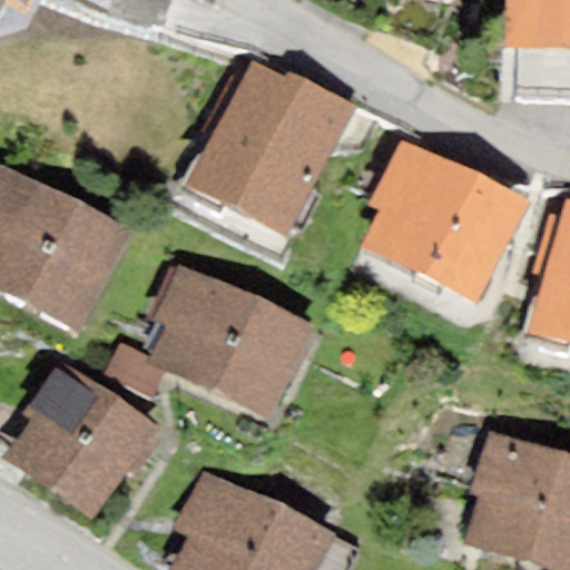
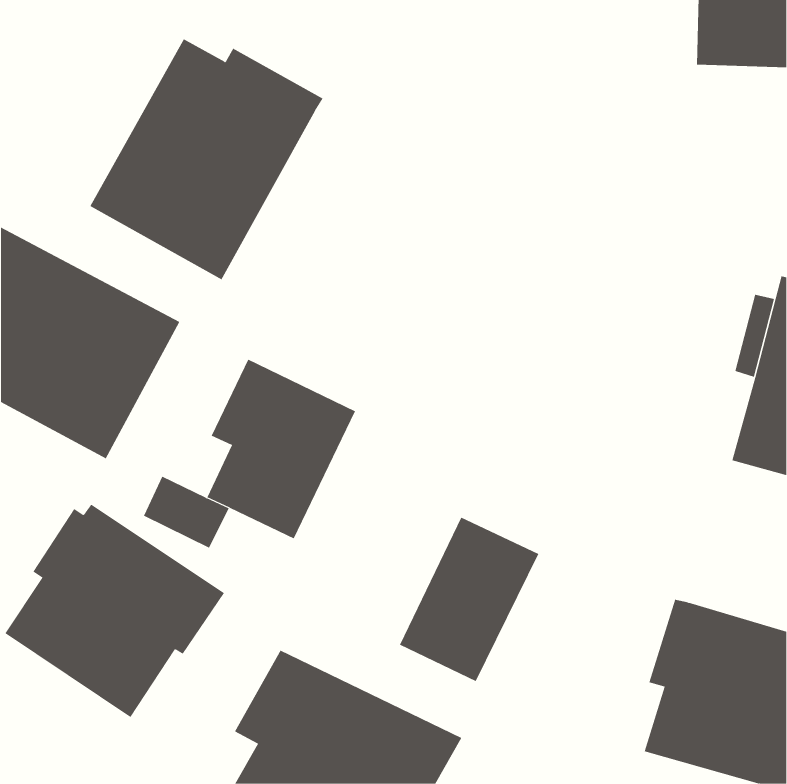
building: [186,60,355,235] -> [89,38,324,280]
building: [360,138,527,302] -> none
building: [213,297,314,416] -> [399,517,539,682]

